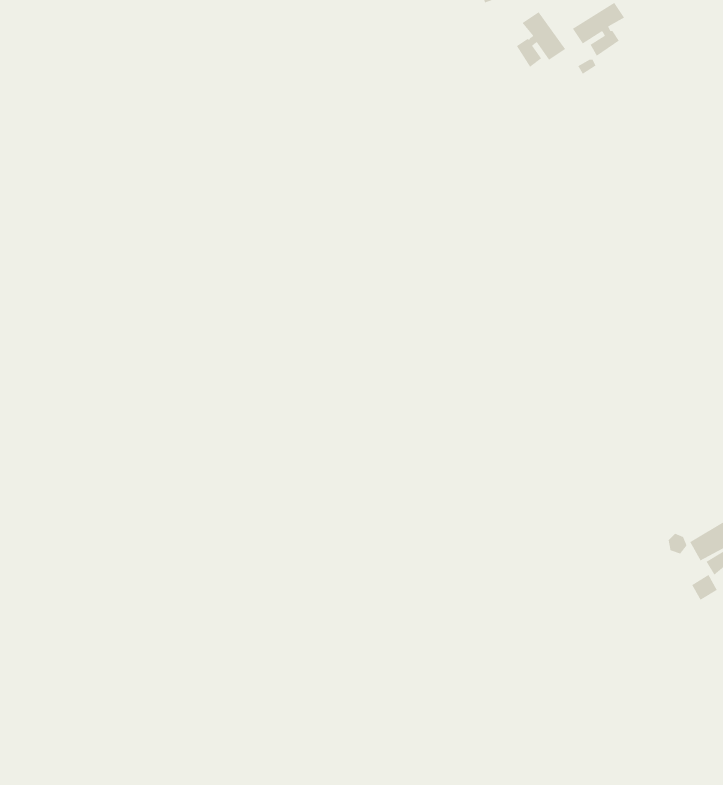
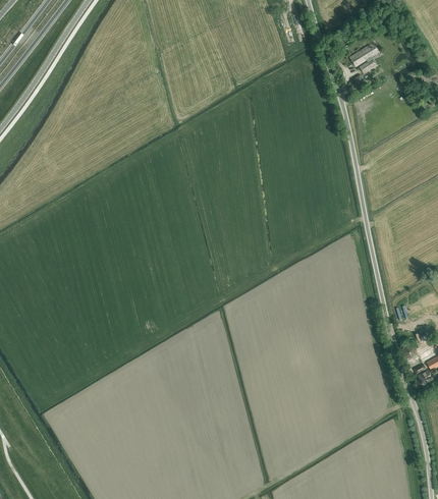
building: [516,11,566,68] -> none

